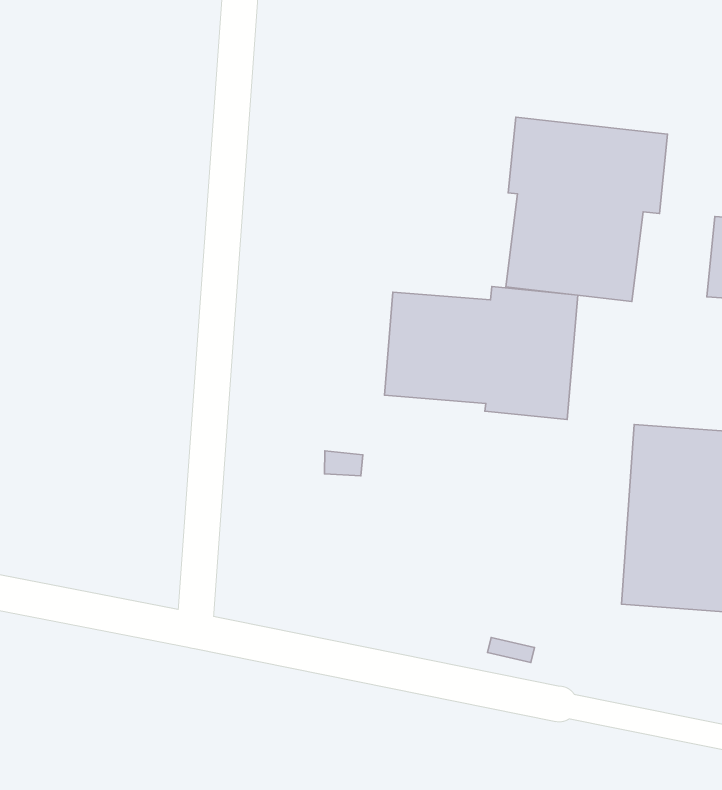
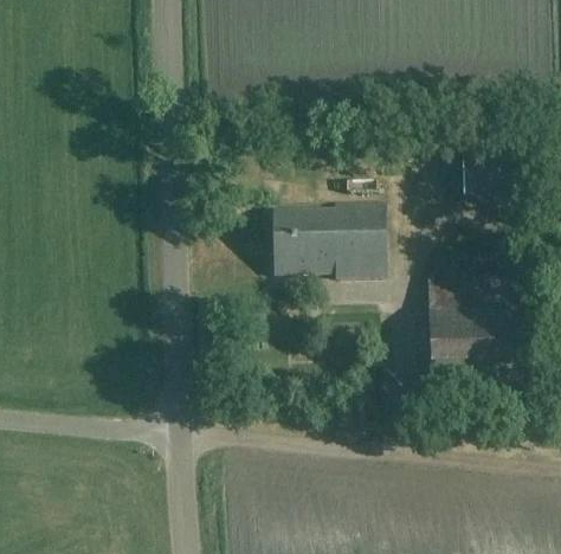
building: [506,117,668,301] -> none

